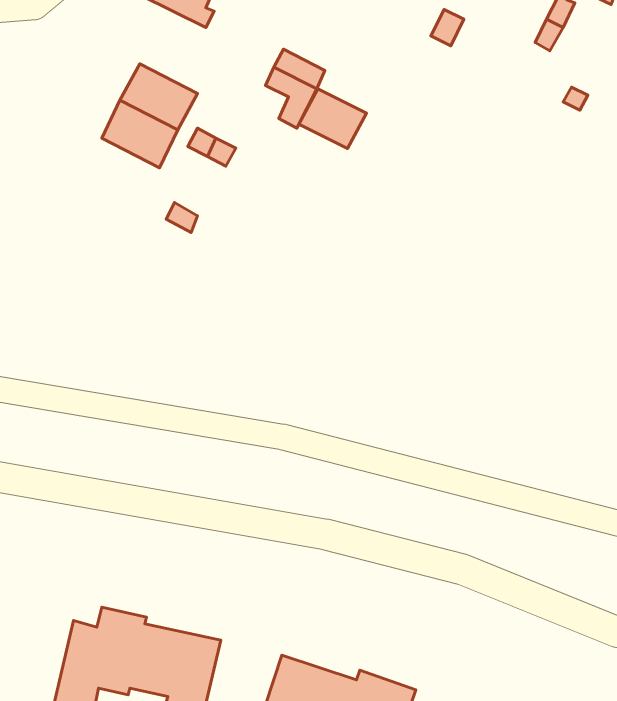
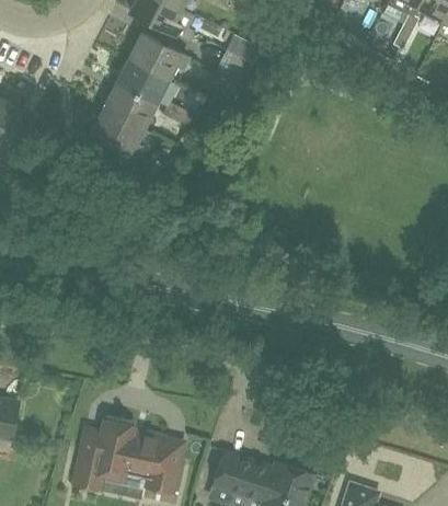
building: none -> [130,34,187,79]
building: [299,89,366,149] -> none
building: none -> [92,108,143,156]

